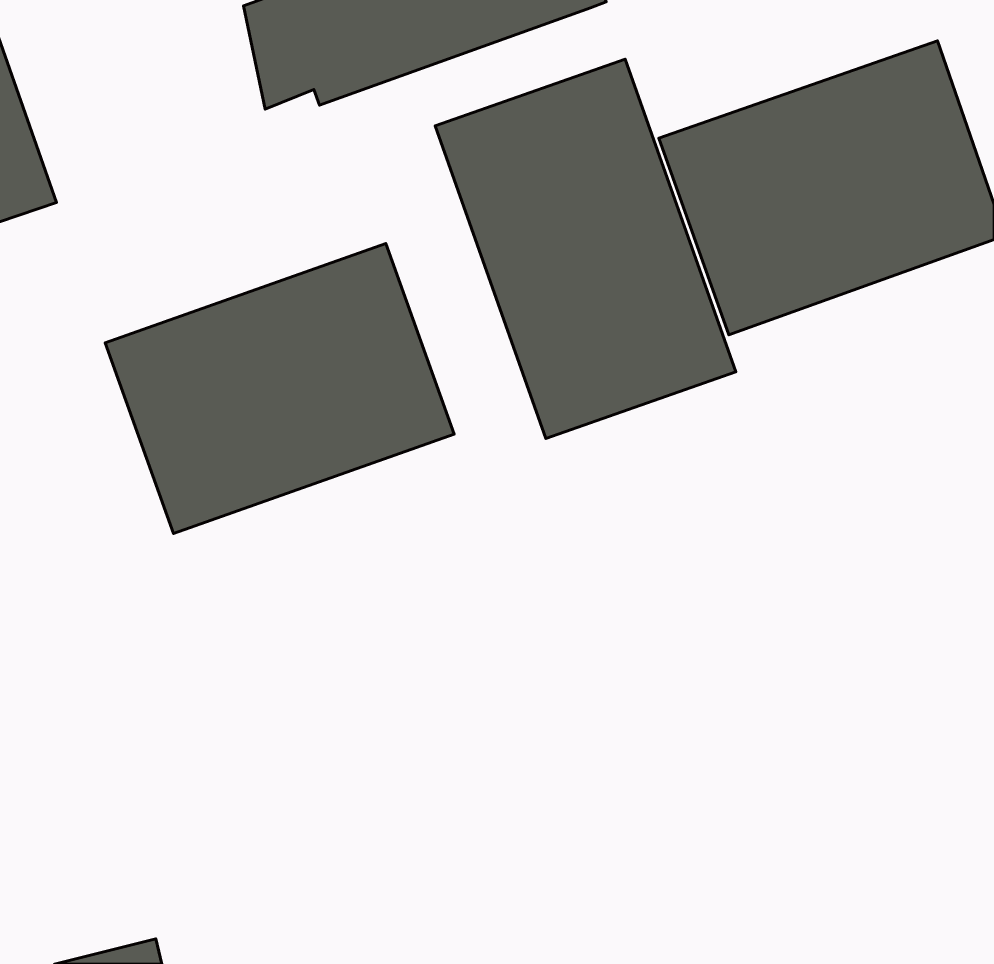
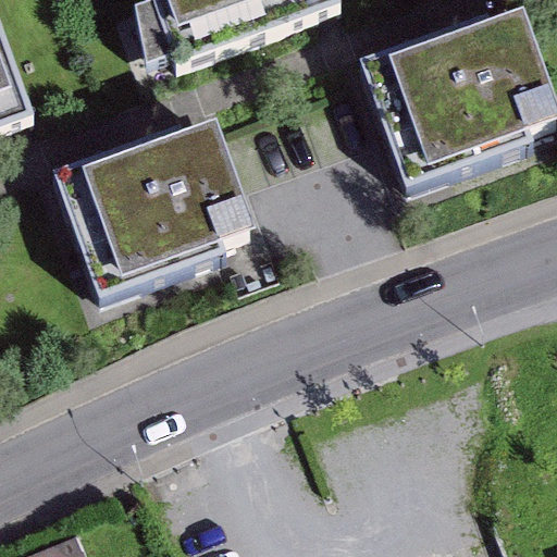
building: [435,59,736,438] -> none

